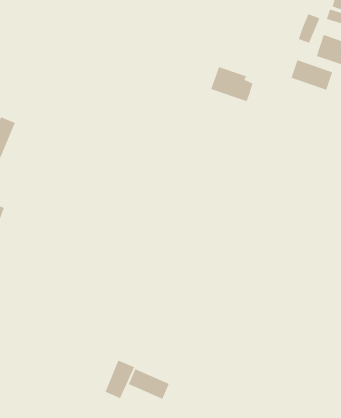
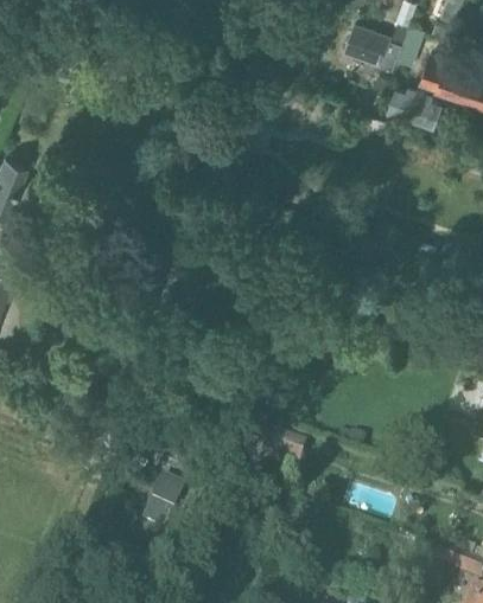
building: [210,66,254,102] -> [342,25,399,72]
building: [128,368,170,400] -> none

